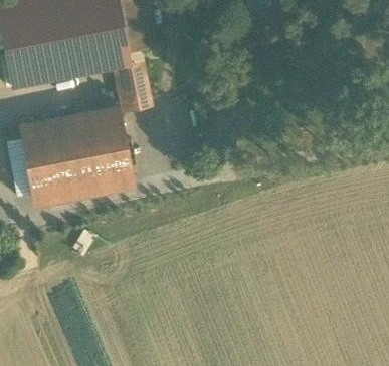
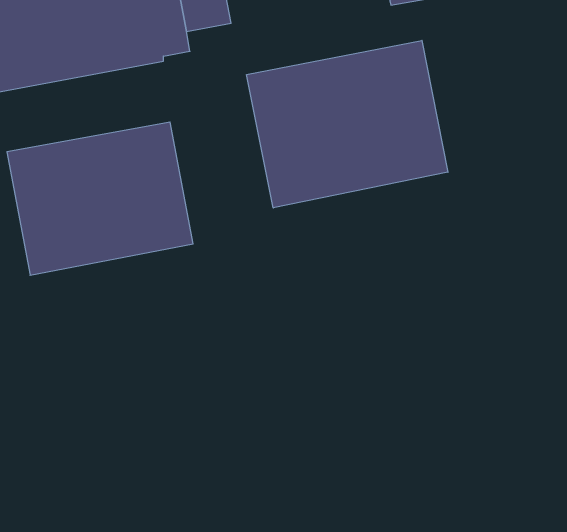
building: none -> [247,40,448,208]
building: [114,62,150,113] -> none

